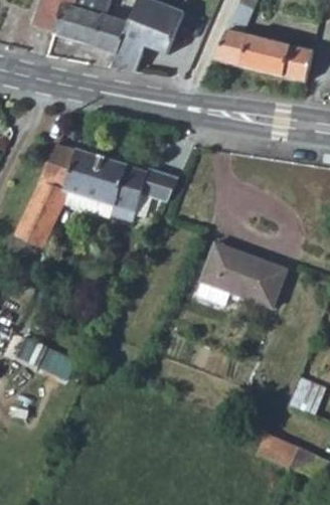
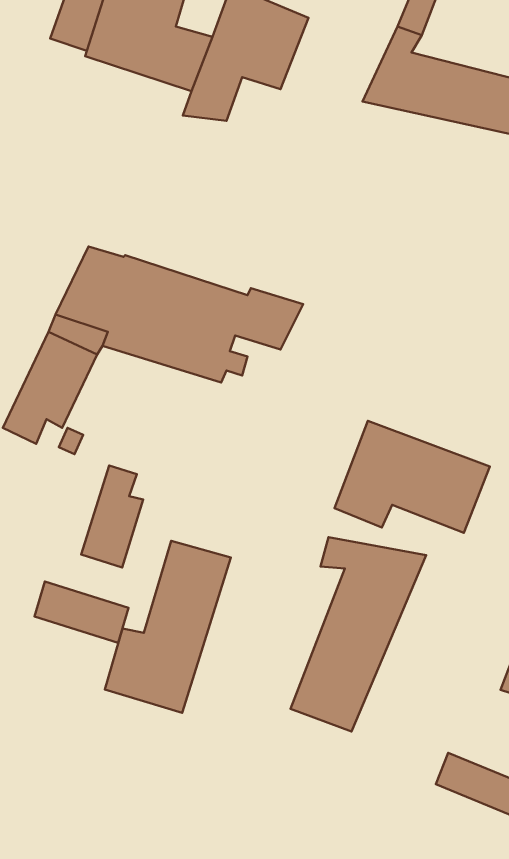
building: none -> [81,466,143,568]
building: none -> [291,537,426,732]
building: none -> [105,541,231,713]

